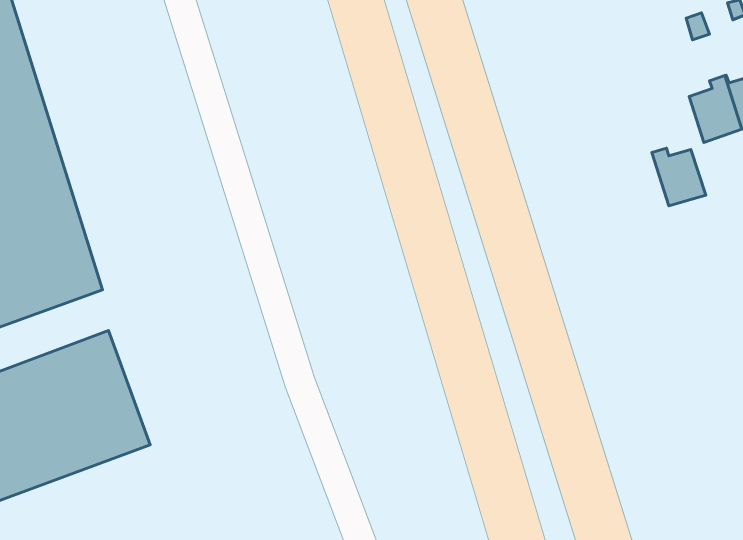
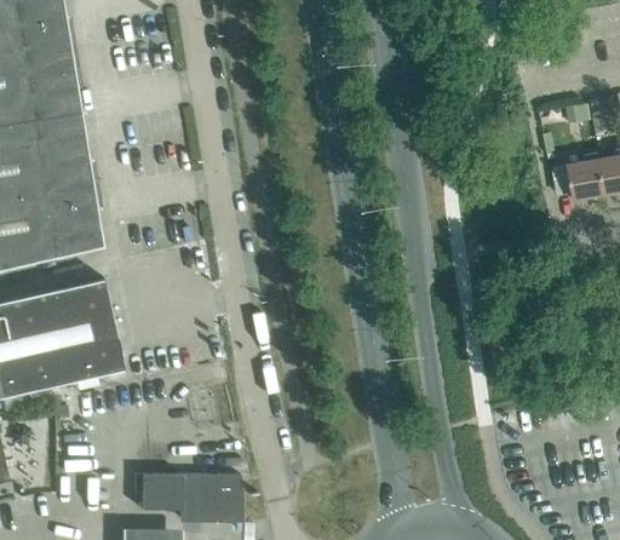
building: [652,148,706,206] -> none

